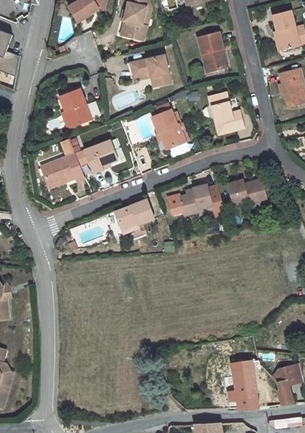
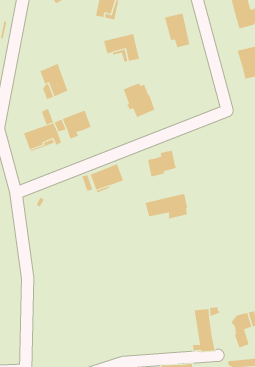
building: [210,100,243,135] -> none
building: [227,179,267,205] -> none
building: none -> [145,193,188,220]

